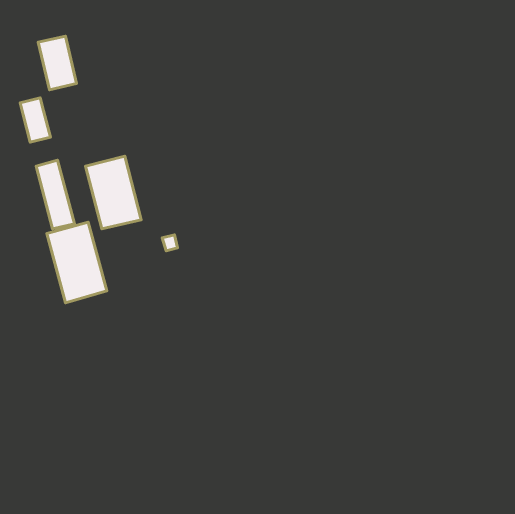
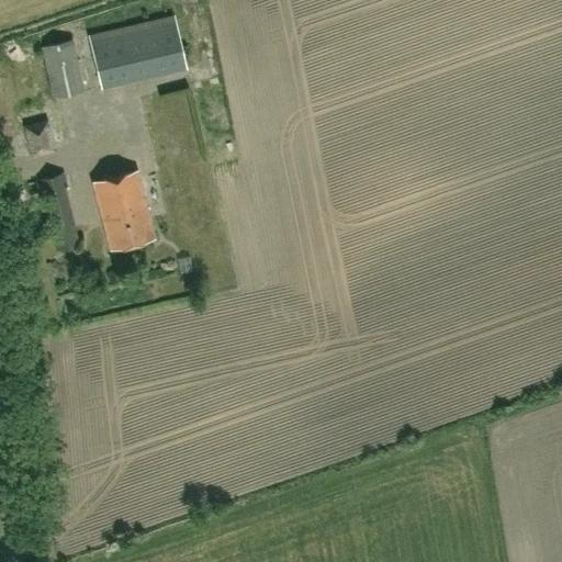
building: none -> [88,16,187,88]
building: [47,222,107,303] -> none

